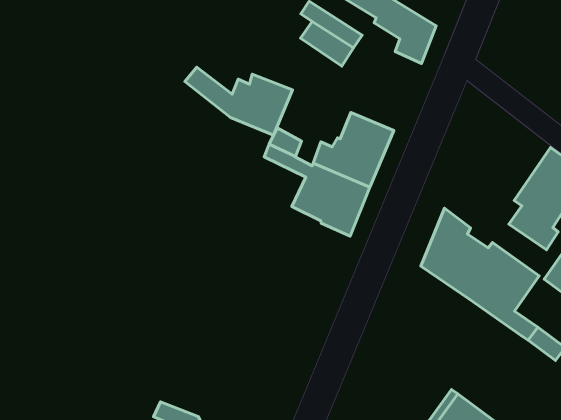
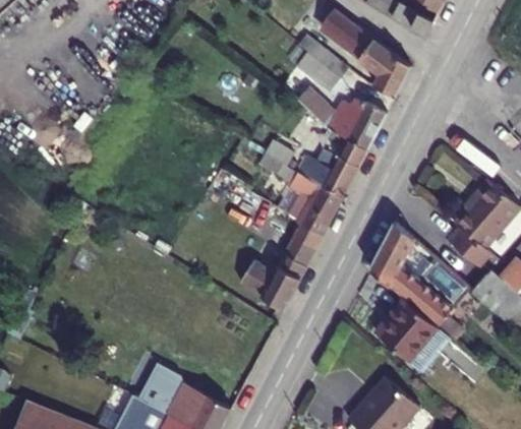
building: [185,67,292,135] -> [294,87,384,150]
building: none -> [237,223,320,309]
building: none -> [382,298,456,367]

